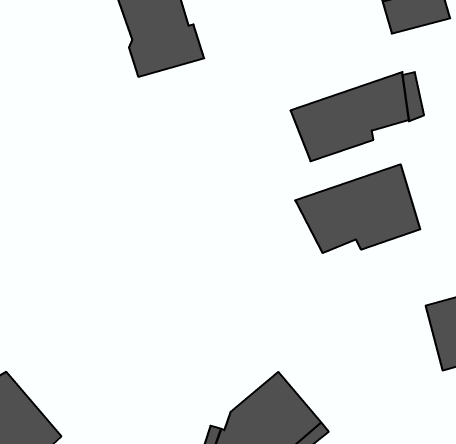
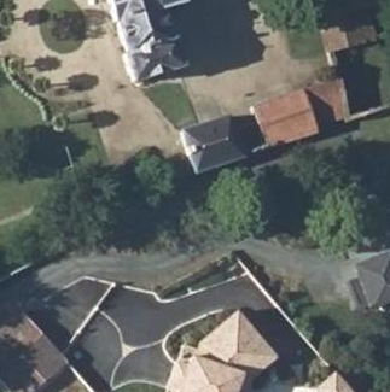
building: none -> [182,111,243,169]
building: [295,164,420,253] -> none

